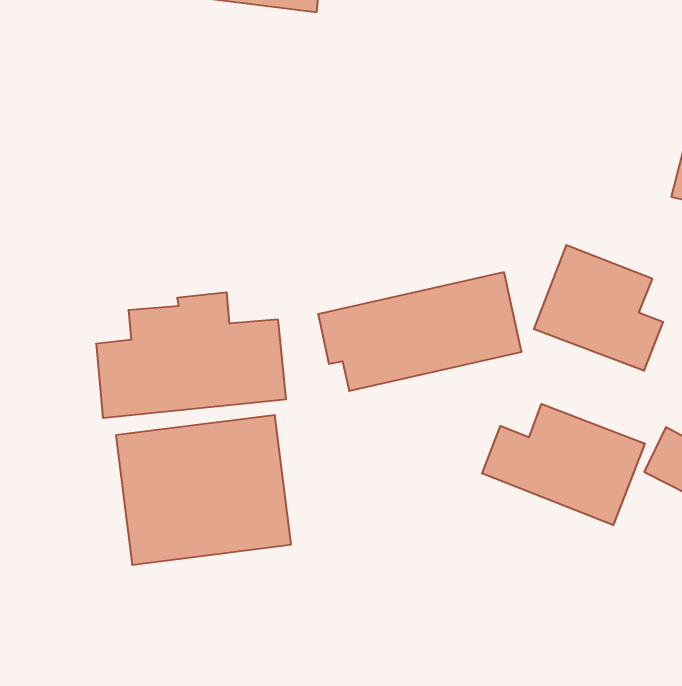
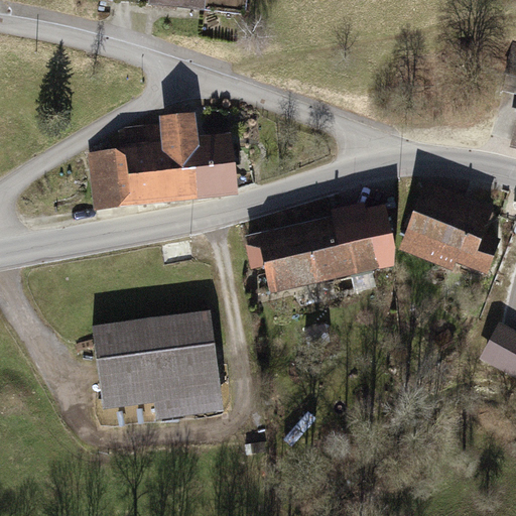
building: [96,293,286,418] -> [94,114,236,208]
building: [482,404,645,525] -> none

